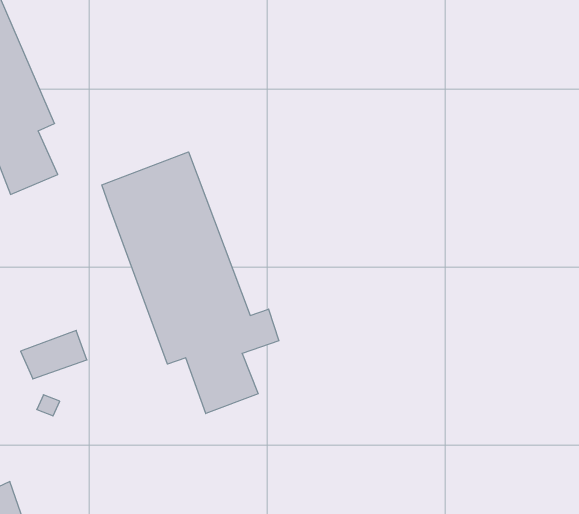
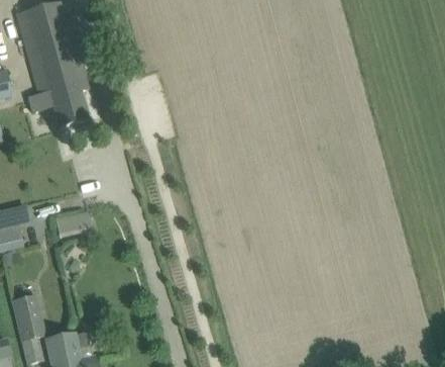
building: [102,152,279,414] -> none

